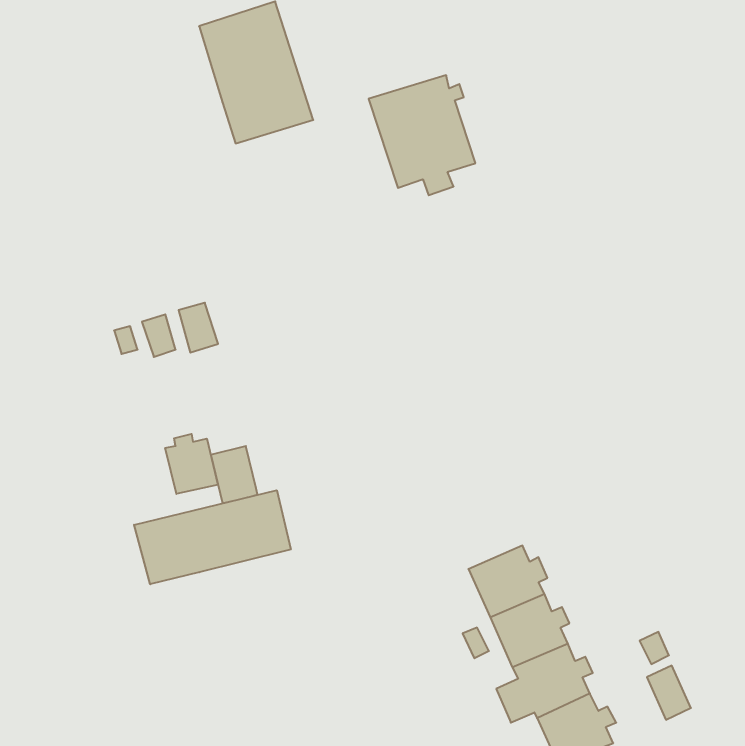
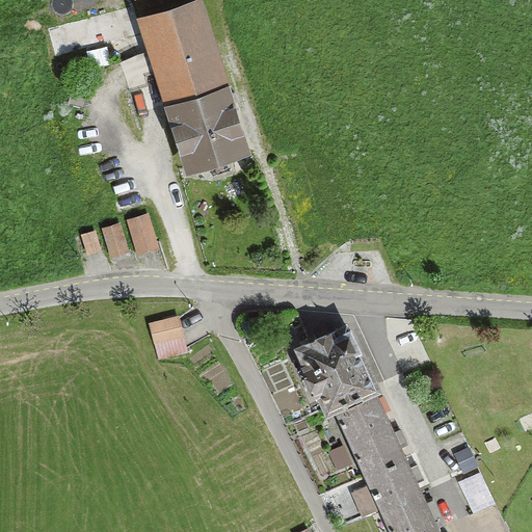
building: [369,75,475,195] -> [167,86,243,171]
building: [165,434,218,494] -> none
building: none -> [298,328,373,408]
building: [134,490,291,584] -> none

